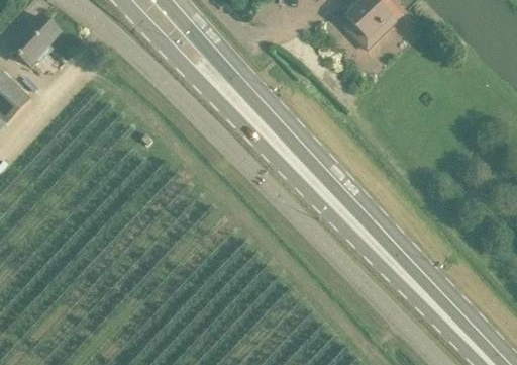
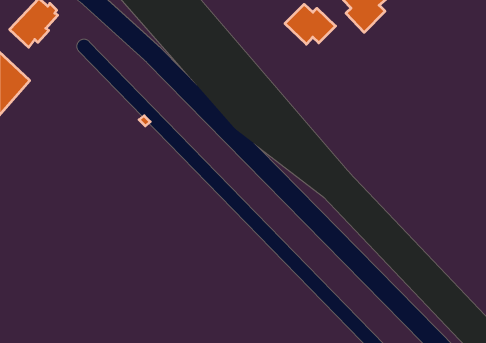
building: none -> [285,4,336,44]

